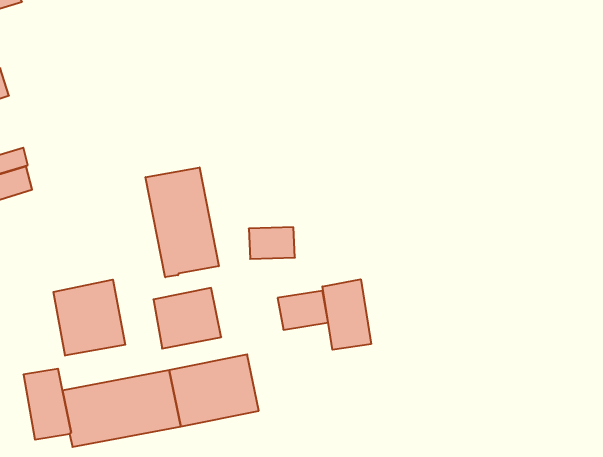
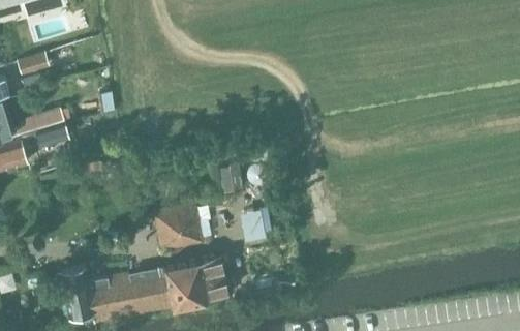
building: [146,167,219,277] -> none
building: [322,279,371,350] -> none
building: [53,280,125,356] -> none

